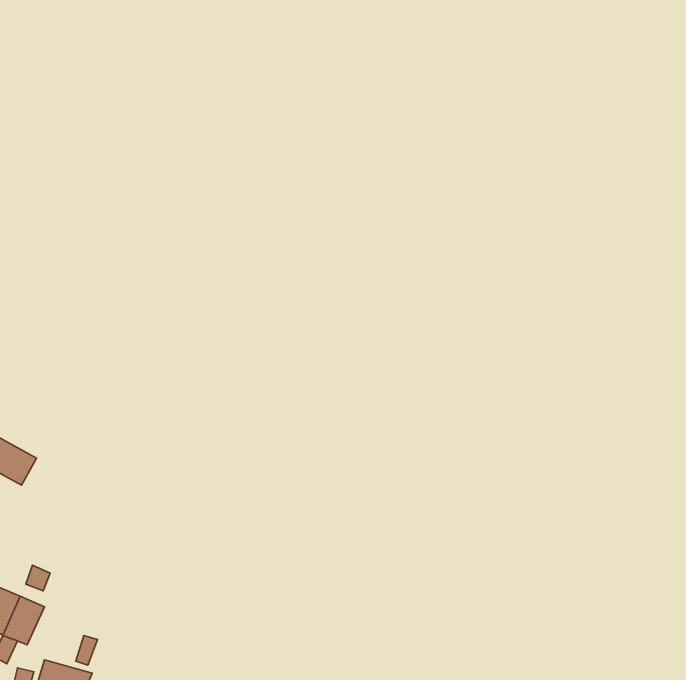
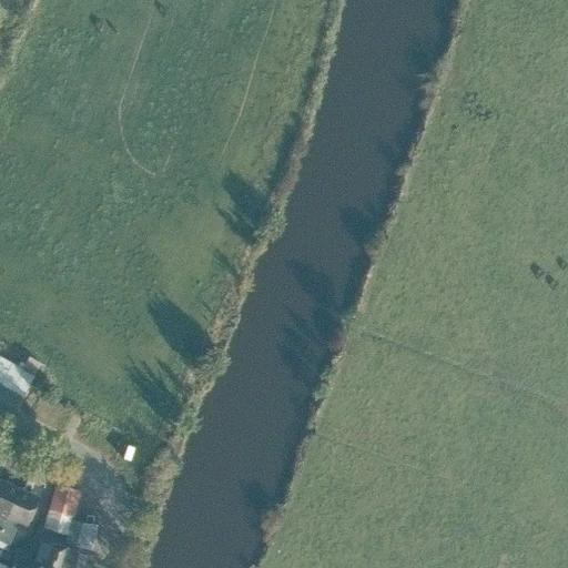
building: none -> [47,495,77,525]

